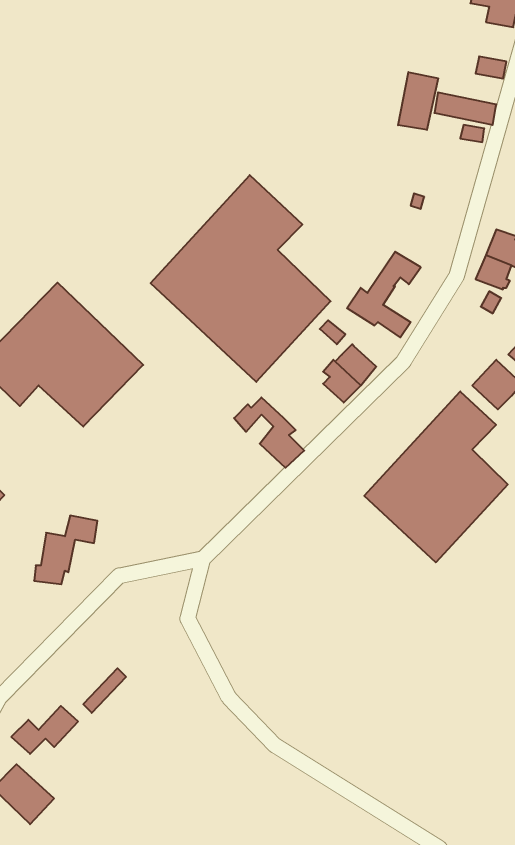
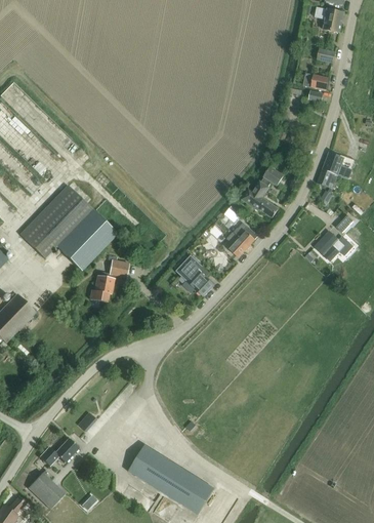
building: [398,72,438,130] -> none
building: [151,175,331,382] -> none
building: [364,391,508,562] -> none
building: [34,516,97,584] -> [90,260,128,301]
building: none -> [128,444,214,514]

